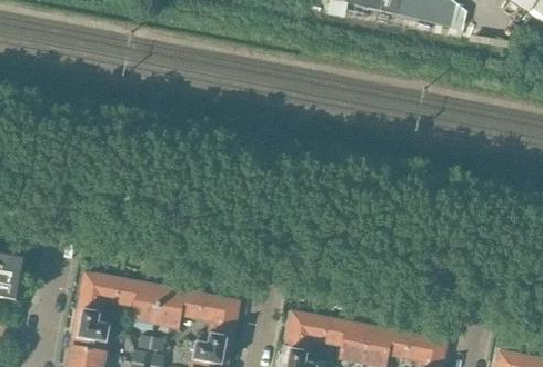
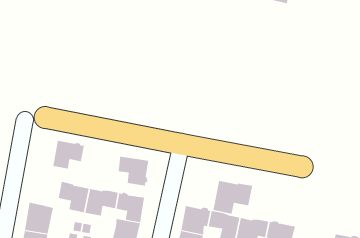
building: none -> [118,156,149,187]
building: [78,270,122,310] -> [52,140,85,169]
building: none -> [213,180,253,214]

